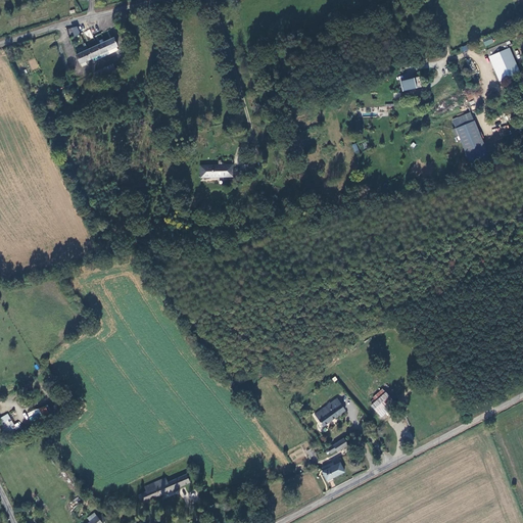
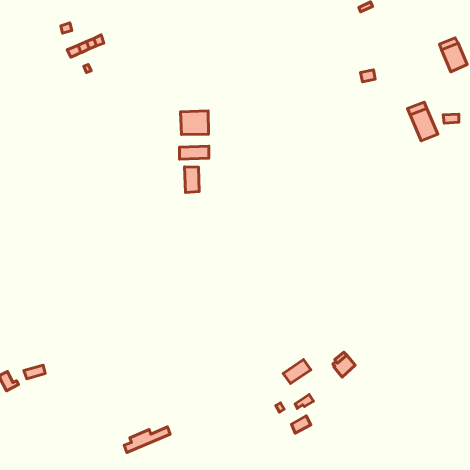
building: none -> [180,111,208,134]
building: none -> [185,167,199,192]

